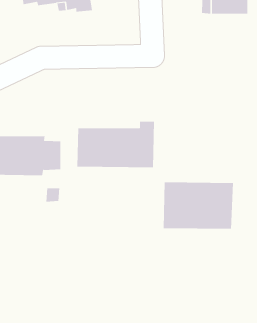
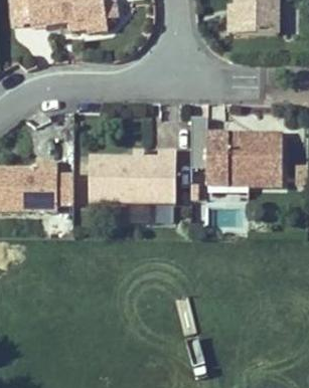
building: [163,182,234,229] -> [205,135,284,187]

